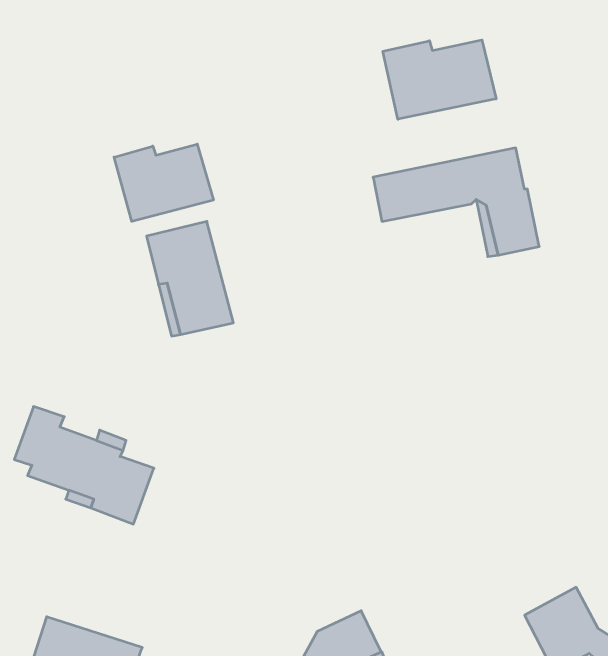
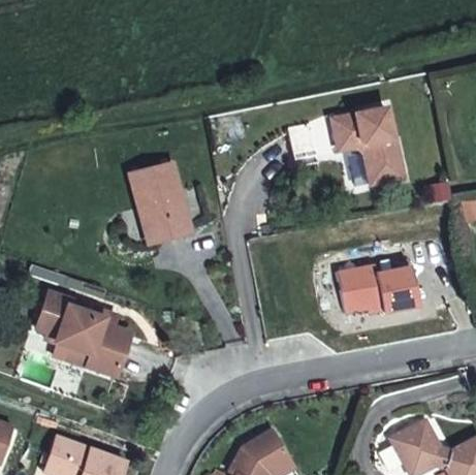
building: [383,40,496,119] -> none
building: [114,144,213,221] -> none
building: none -> [344,266,421,313]

